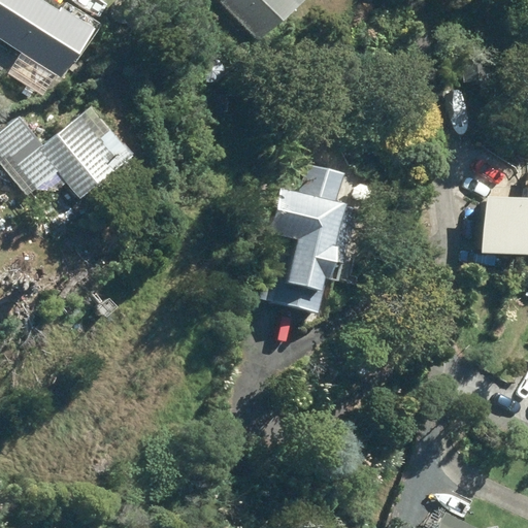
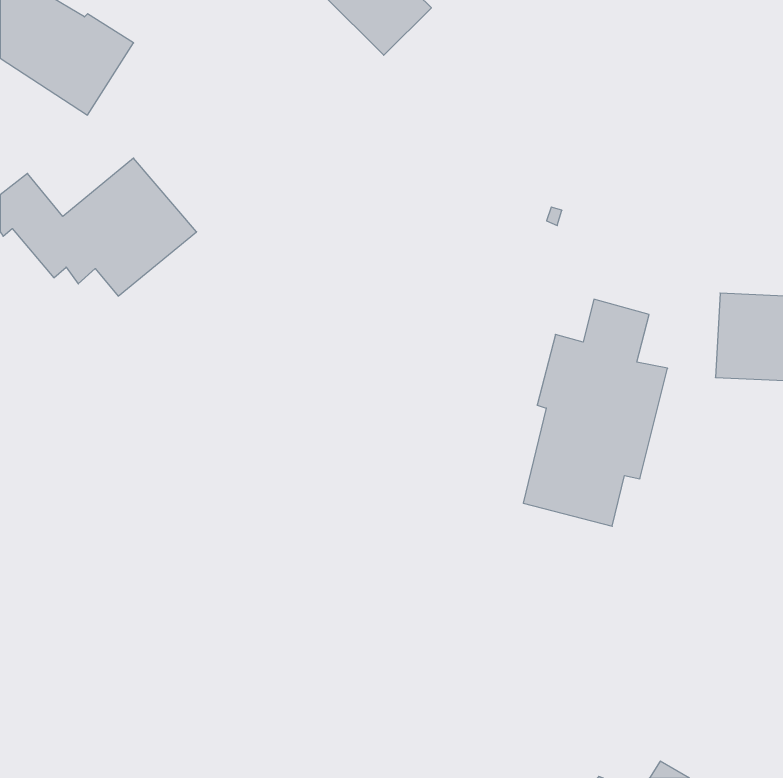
building: [259,163,356,316] -> [523,299,668,526]

